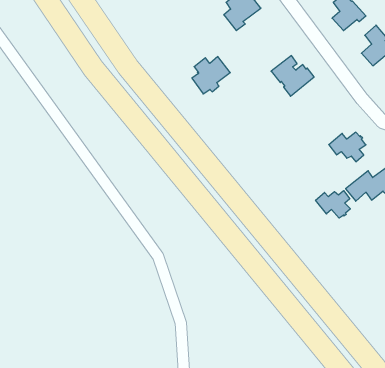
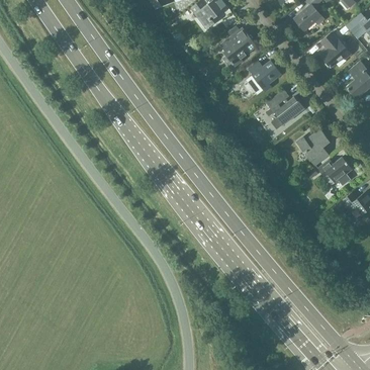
building: [192,57,230,94] -> [247,61,281,94]
building: none -> [296,129,330,166]
building: [316,191,350,218] -> none

